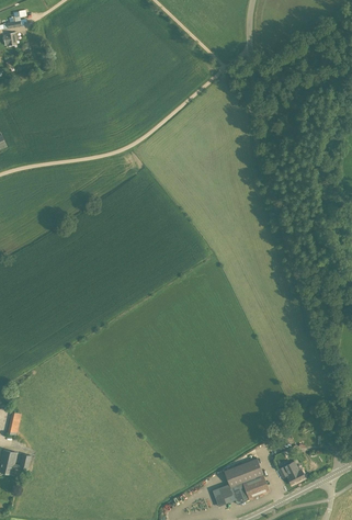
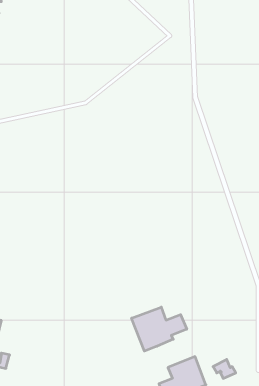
building: none -> [132,307,187,351]

